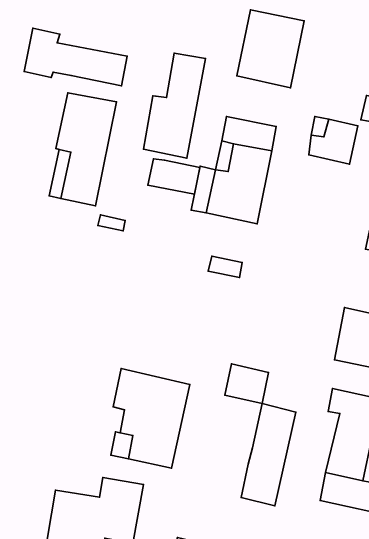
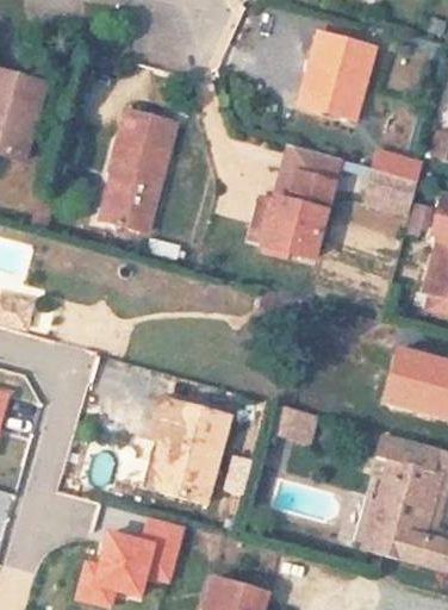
building: [24,28,127,86] -> none
building: [143,53,206,158] -> none
building: [148,159,200,194] -> none
building: [241,404,296,506] -> none

